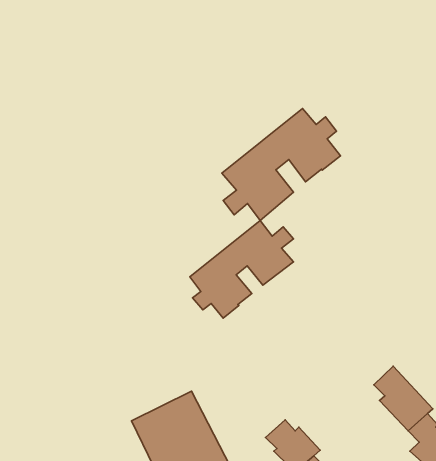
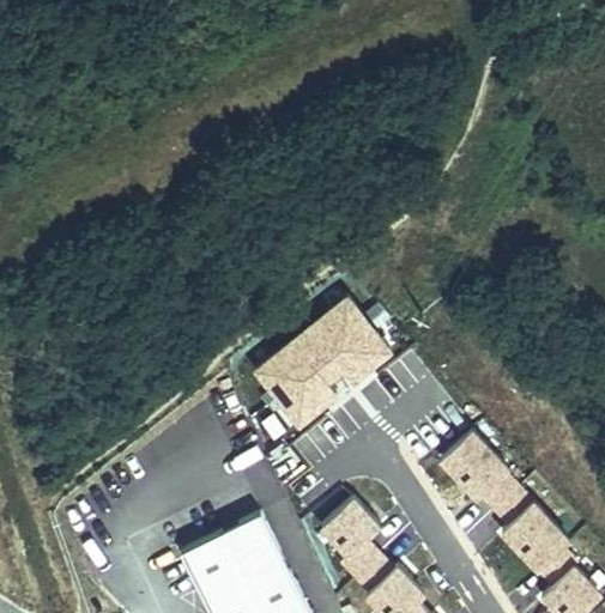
building: [222,108,341,220] -> none
building: none -> [441,430,520,510]
building: none -> [320,498,381,578]

